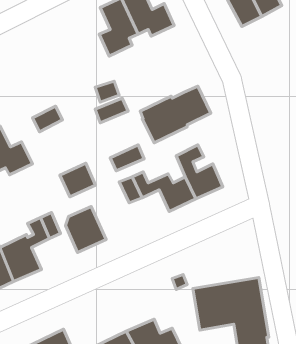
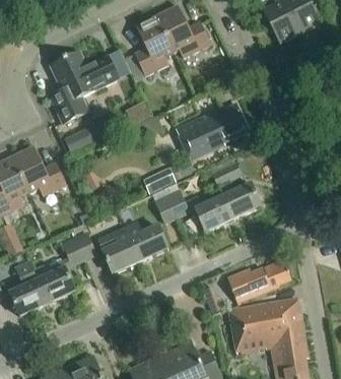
building: none -> [50,51,119,122]
building: [60,163,96,197] -> [131,227,167,261]
building: none -> [226,263,290,305]

